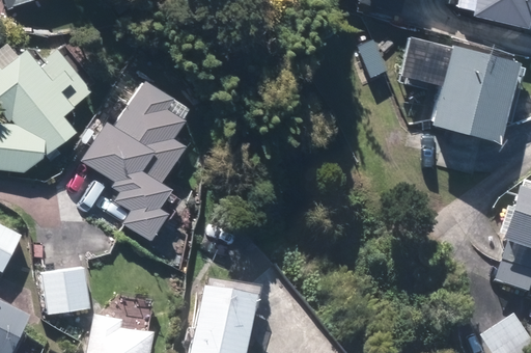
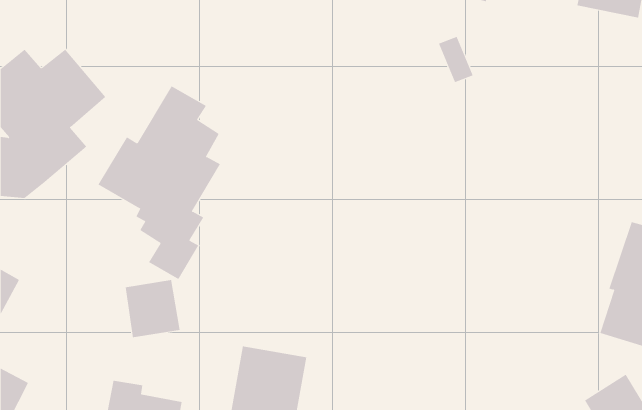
building: [403,34,518,172] -> none
building: [47,267,92,315] -> [125,279,181,338]

